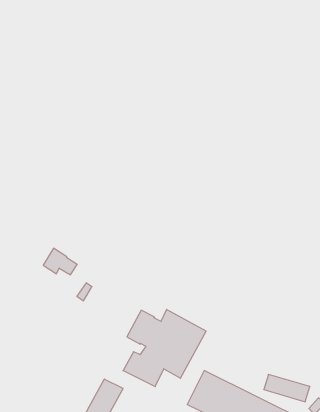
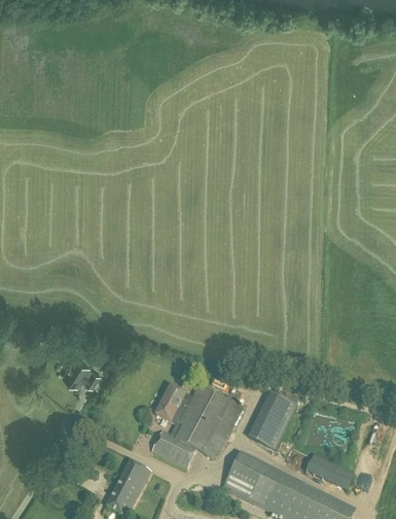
building: [43,248,77,275] -> [62,356,99,385]
building: none -> [246,391,296,450]

